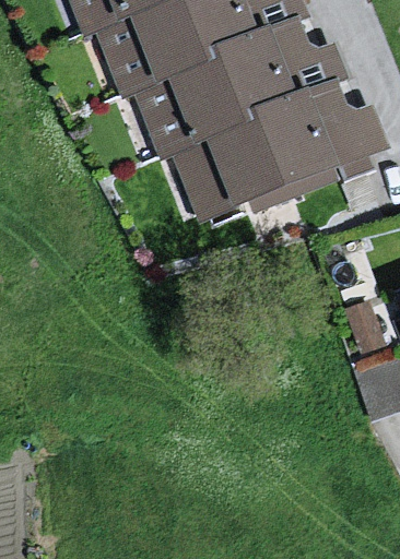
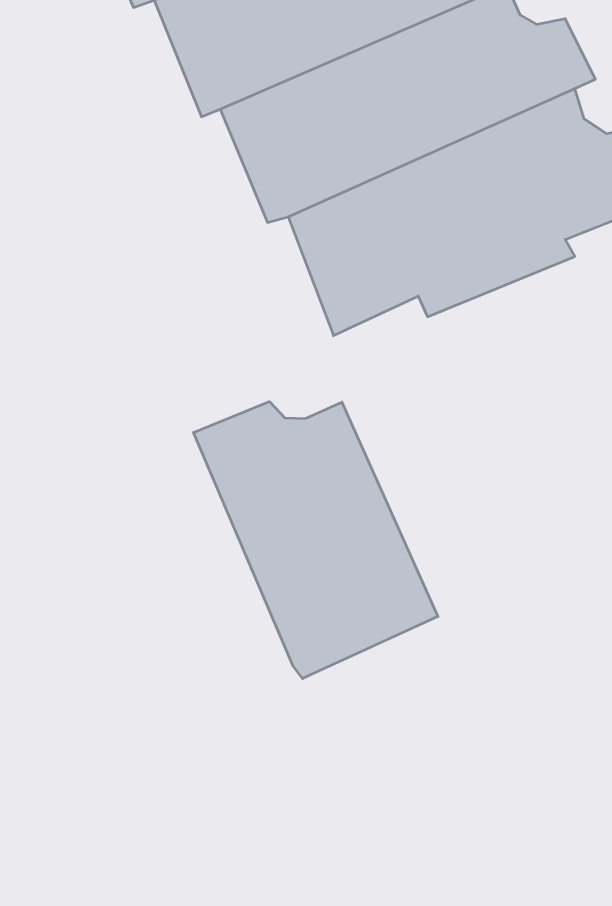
building: none -> [194,402,438,679]

